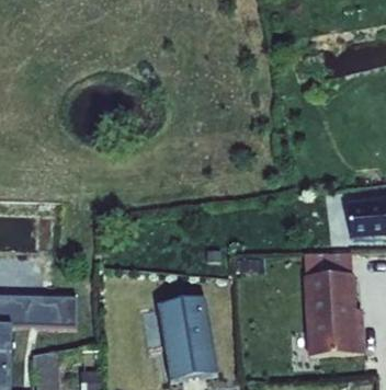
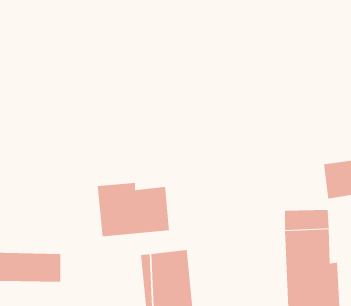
building: none -> [97,182,169,237]

